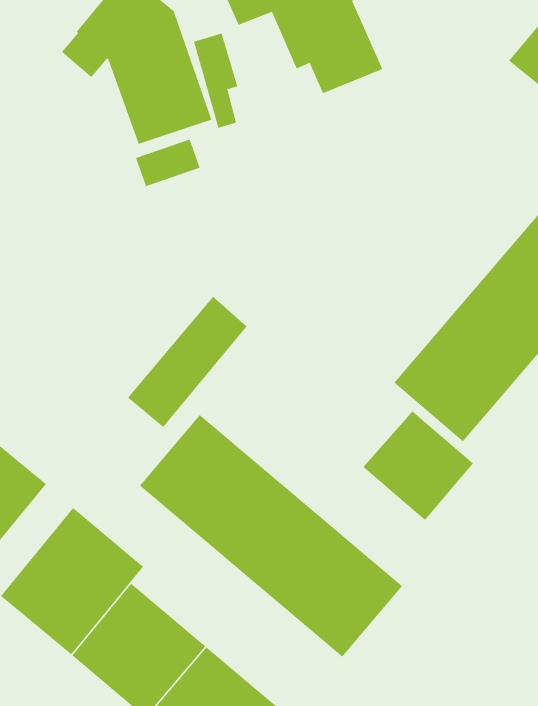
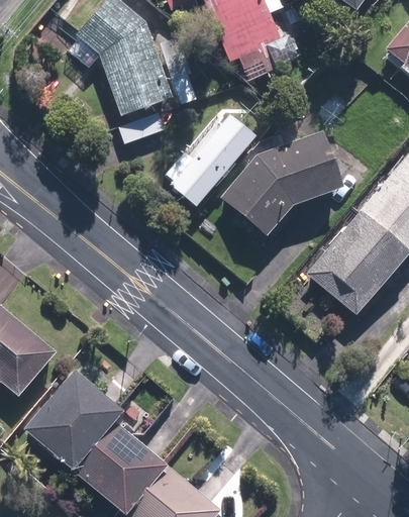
building: none -> [217,136,336,240]
building: [127,296,248,428] -> [171,114,254,206]
building: [362,410,474,521] -> none
building: [139,414,403,657] -> none

